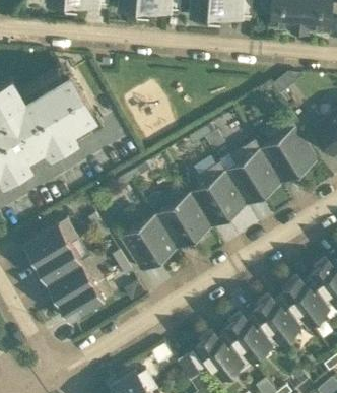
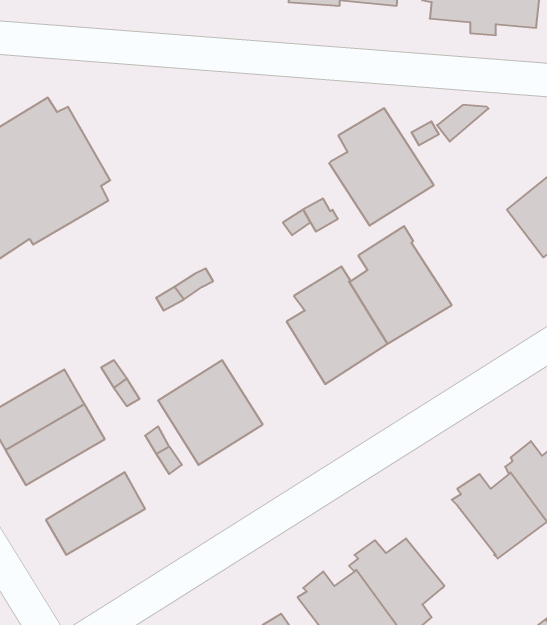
building: [259,119,317,184] -> [329,108,434,226]
building: [154,193,211,250] -> none
building: [46,258,100,303] -> none
building: [253,294,306,342] -> none

